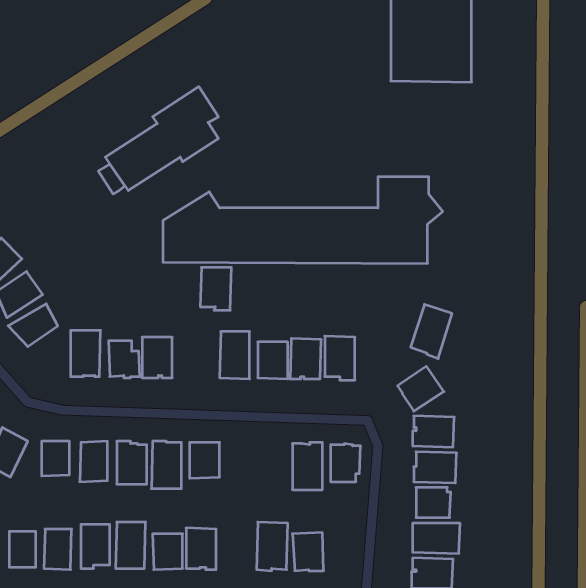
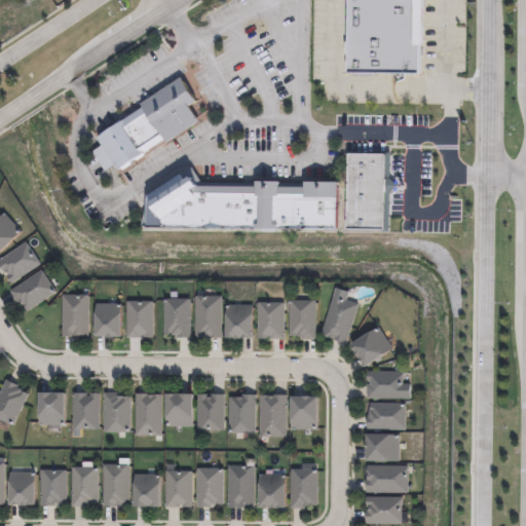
building: [200,267,231,310] -> [163,298,191,336]
building: [411,304,452,359] -> [322,295,359,343]
building: none -> [197,392,225,429]
building: none -> [229,393,256,433]
building: none -> [291,467,317,508]
building: none -> [196,468,224,505]

